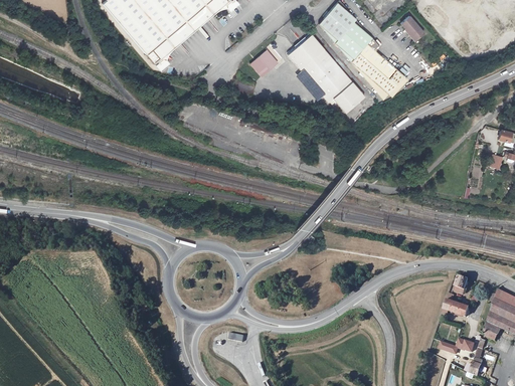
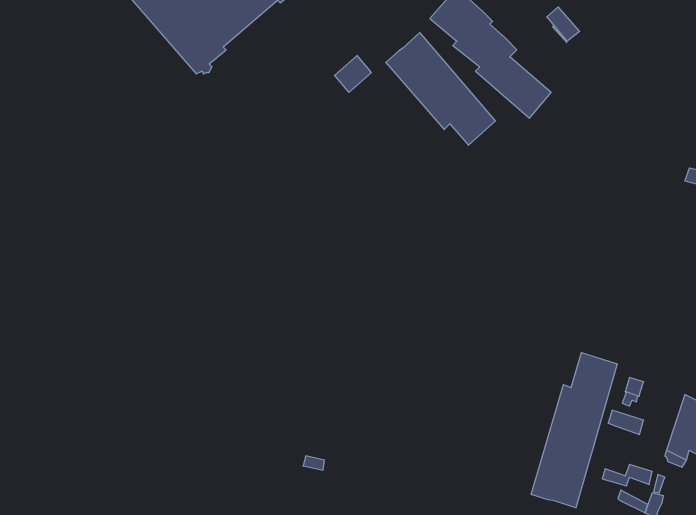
building: none -> [531,353,617,508]

